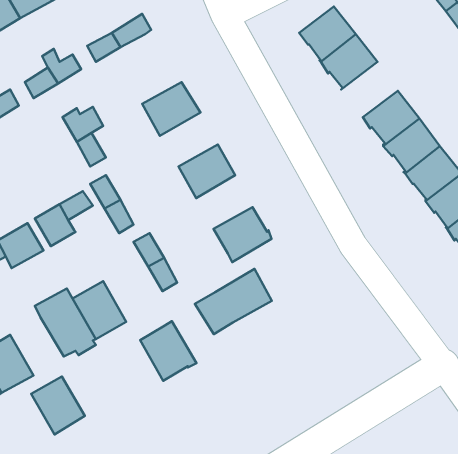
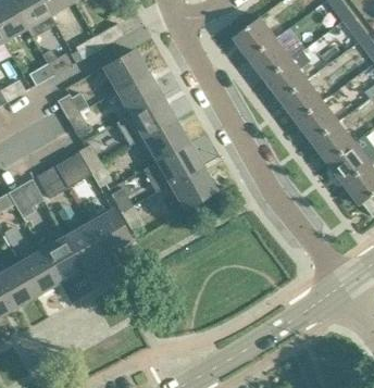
building: none -> [102,49,146,90]
building: none -> [265,50,311,100]
building: none -> [115,97,173,146]
building: [195,269,272,334] -> [141,143,199,192]
building: [140,321,197,381] -> [87,209,129,253]
building: [31,377,85,435] -> [17,250,58,293]

